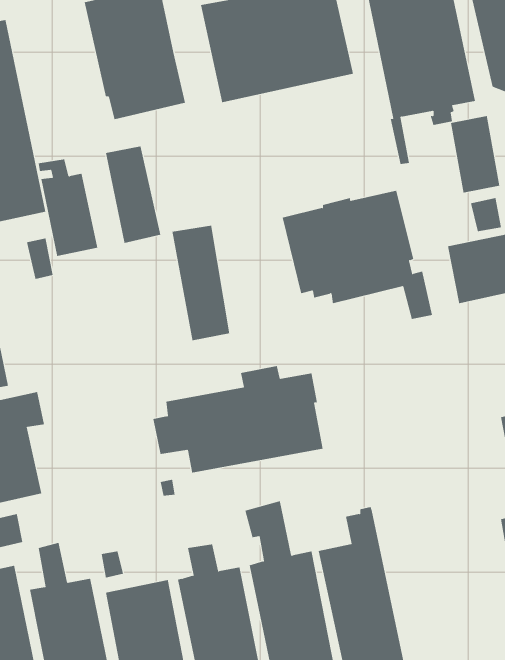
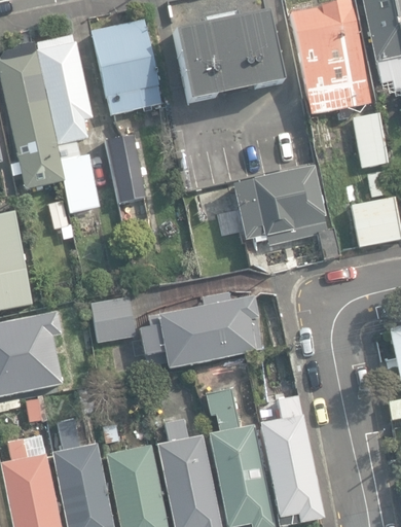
building: none -> [37,35,93,145]
building: [172,225,230,341] -> none
building: none -> [92,297,135,343]

